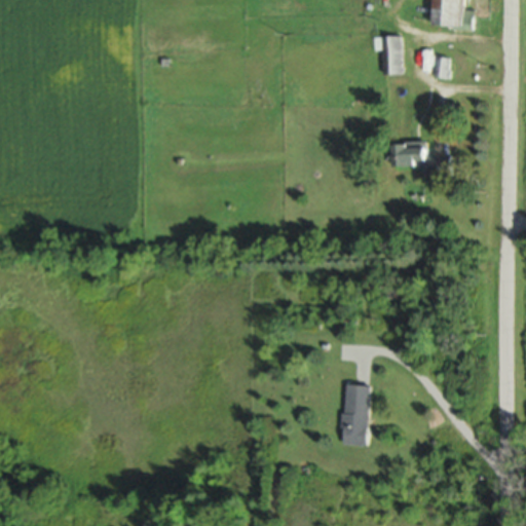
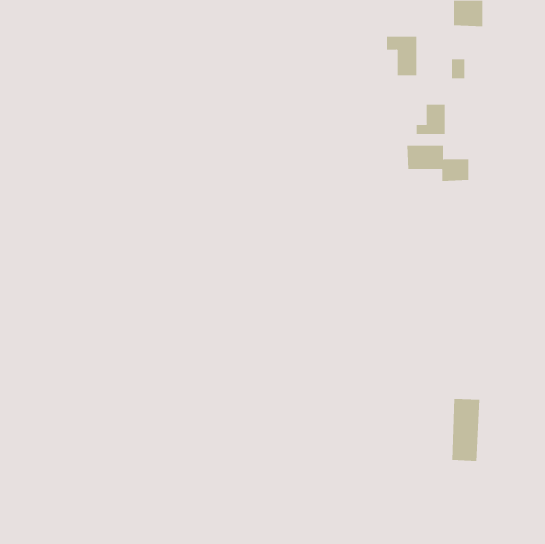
building: none -> [416,104,445,135]
building: [342,384,370,445] -> [451,398,480,461]

